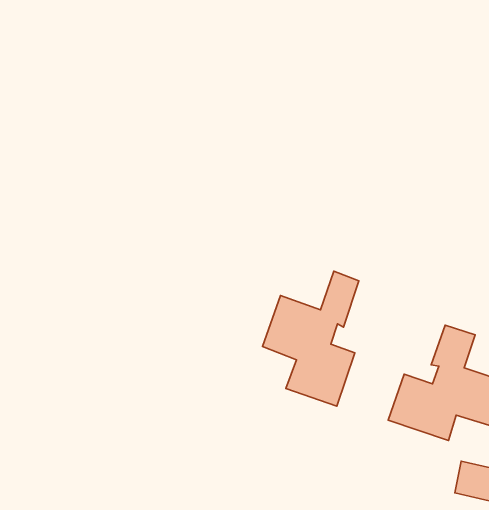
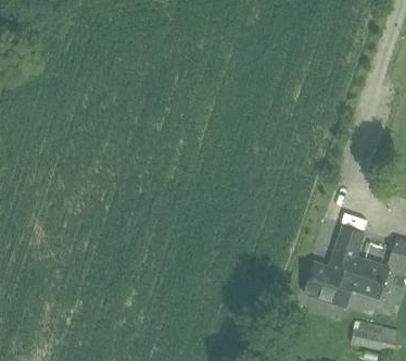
building: [262,271,359,406] -> none

